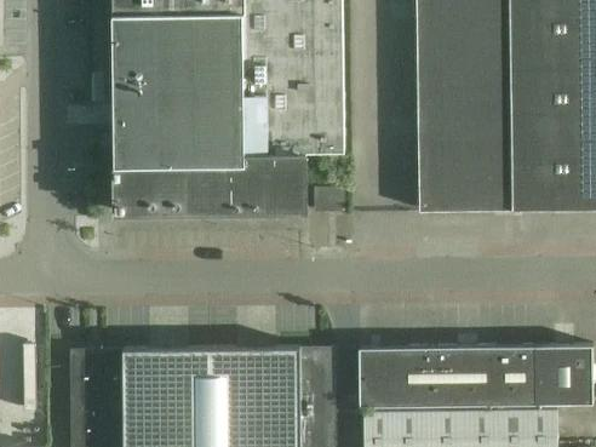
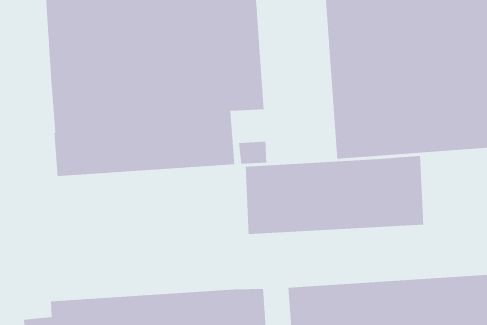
building: none -> [245,155,424,235]

